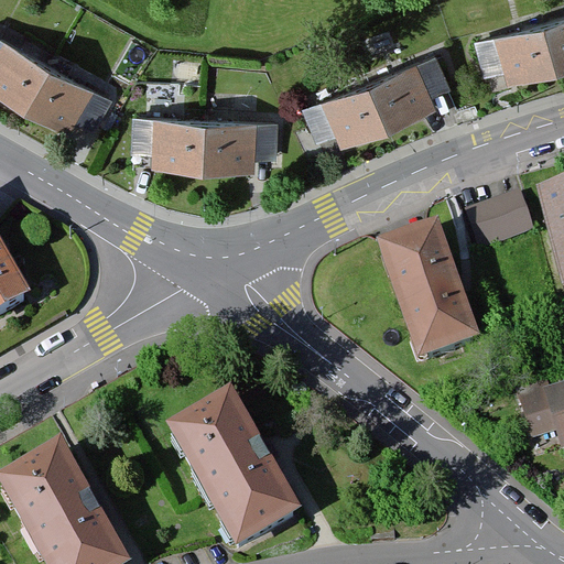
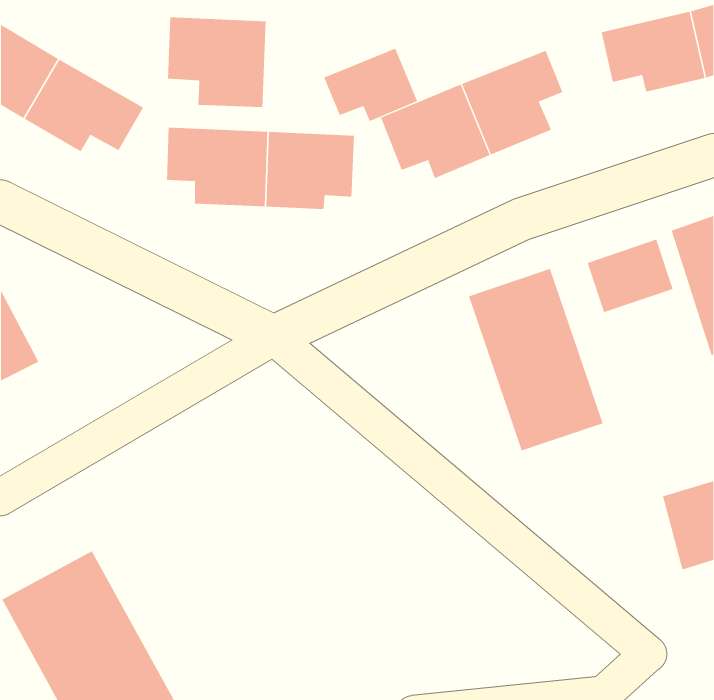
building: none -> [167,16,266,108]
building: none -> [323,48,418,122]
building: [176,390,307,553] -> none

